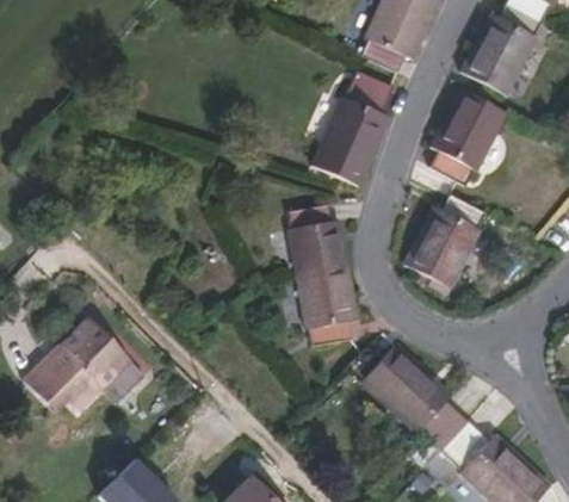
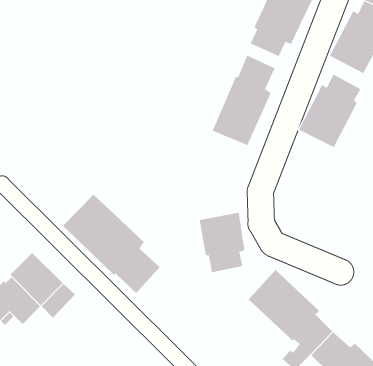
building: [402,194,484,289] -> none
building: [287,205,348,278] -> none
building: none -> [62,194,160,294]

